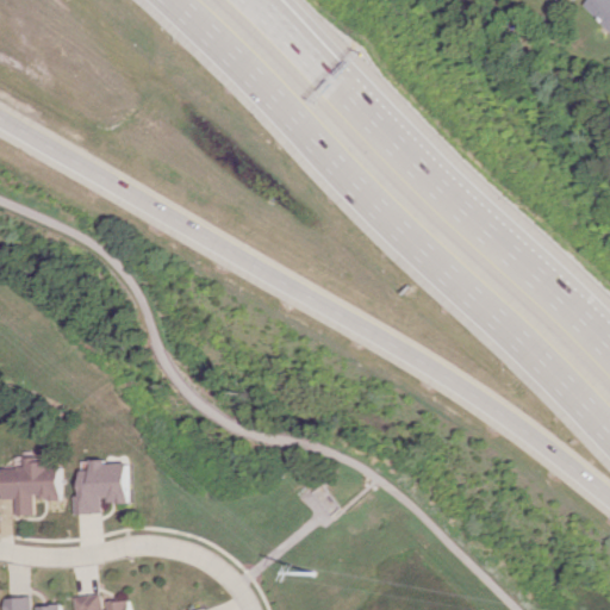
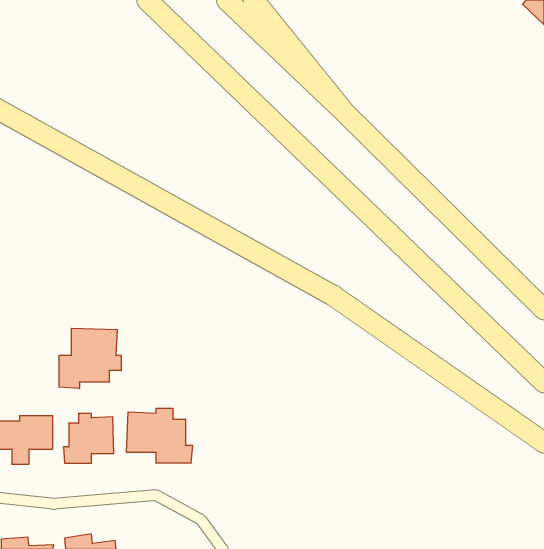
building: none -> [59,328,121,389]
building: none -> [127,408,192,463]

